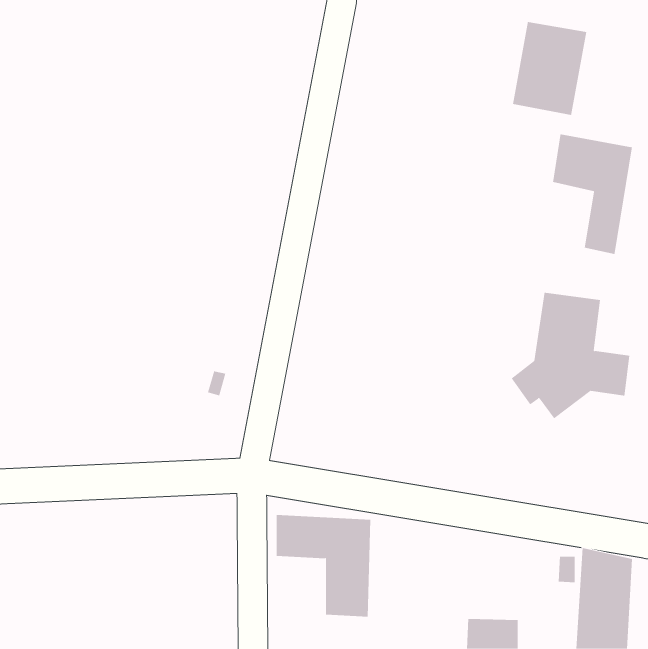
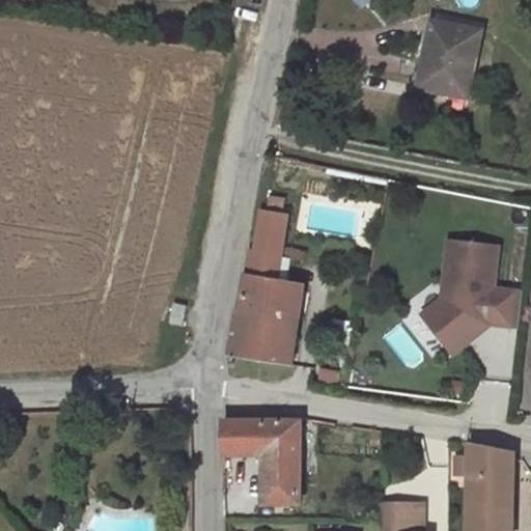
building: [552,134,633,255] -> none
building: none -> [230,212,302,365]

